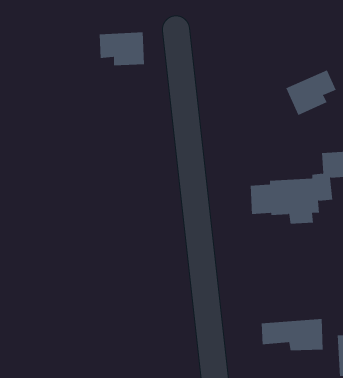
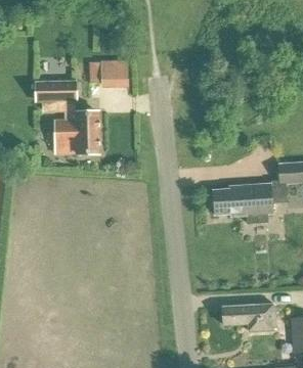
building: none -> [32,81,96,153]
building: [286,70,336,116] -> none

